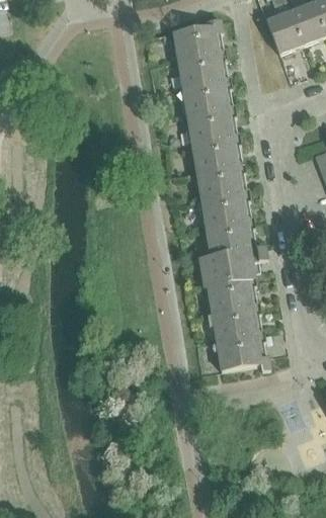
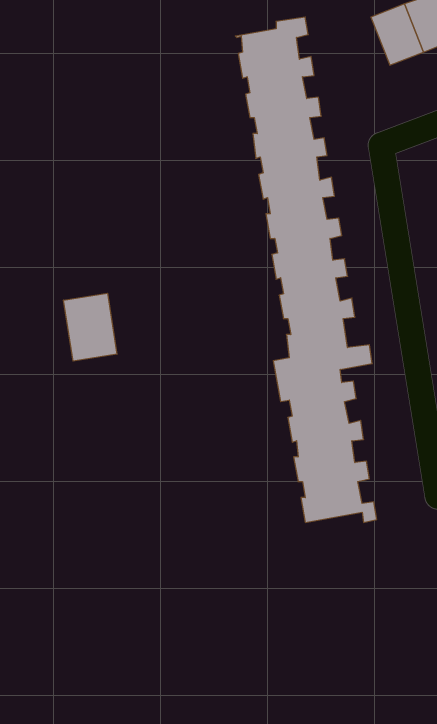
building: none -> [64,293,117,361]

